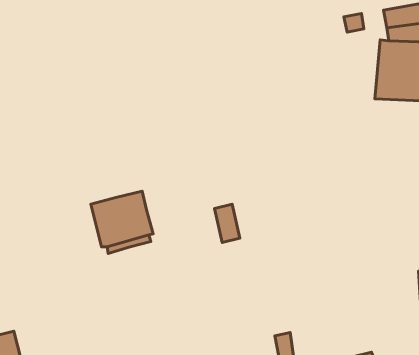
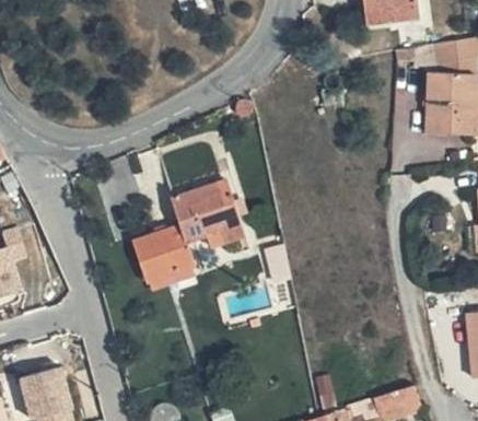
building: none -> [182,187,253,252]

